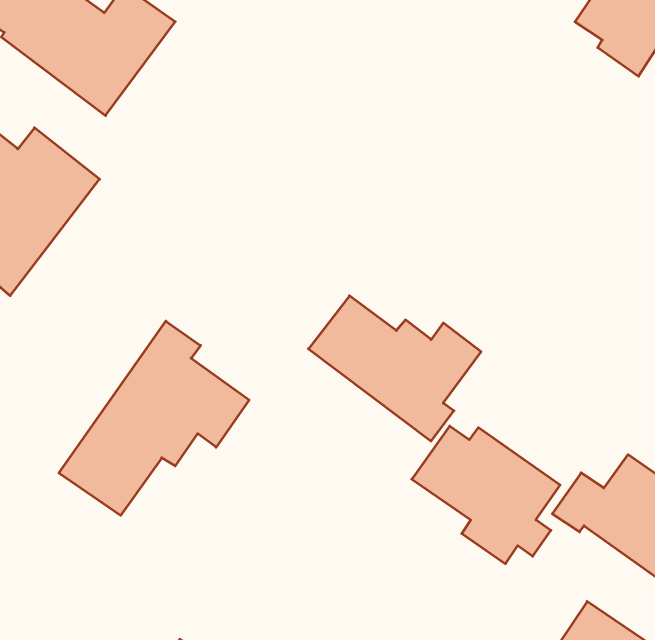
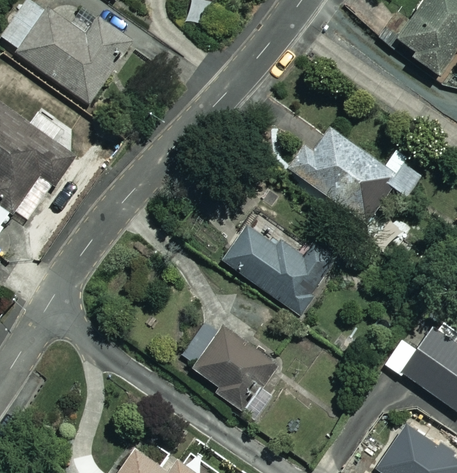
building: none -> [288,128,427,225]
building: [59,321,249,515] -> none
building: [412,426,560,564] -> [179,324,277,415]

